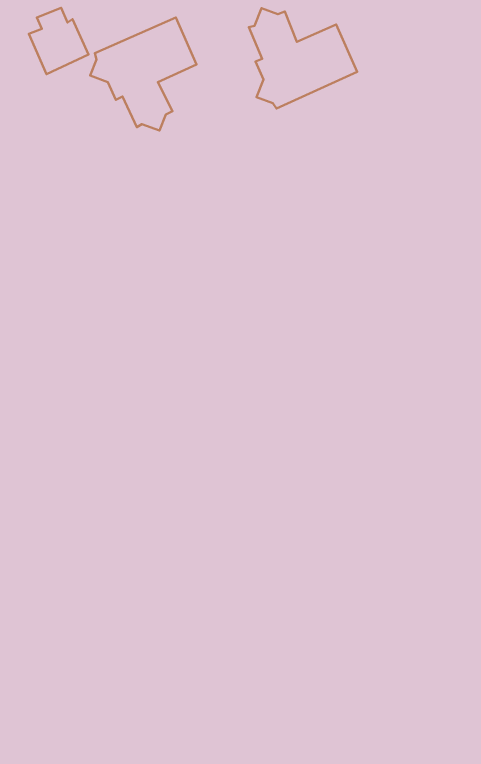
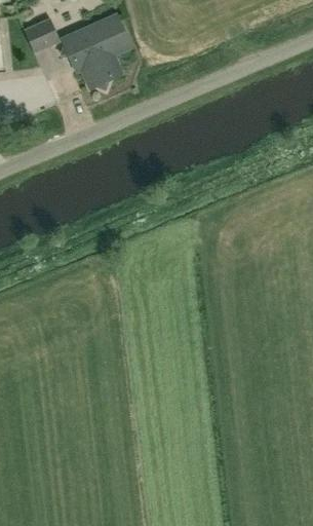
building: [249,8,357,109] -> none

